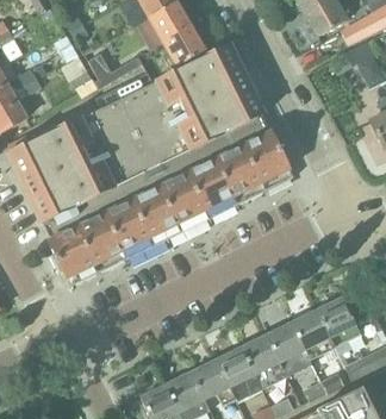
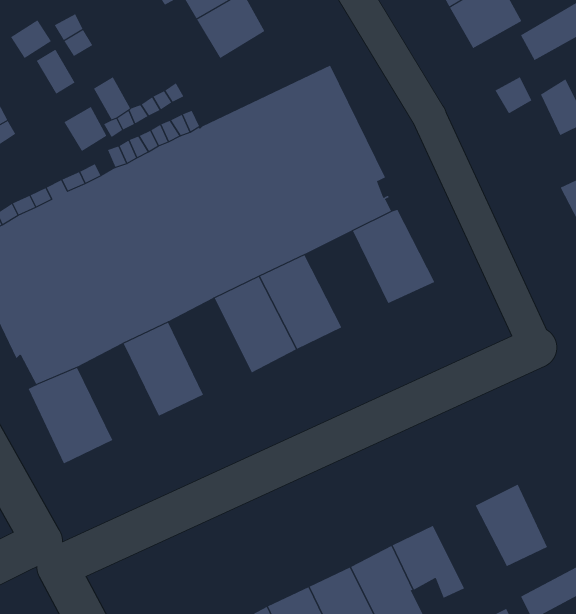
building: [163,25,205,67] -> none
building: [214,145,264,204] -> none
building: [132,186,182,244] -> none
building: [77,213,126,271] -> none
building: [292,311,336,361] -> none

